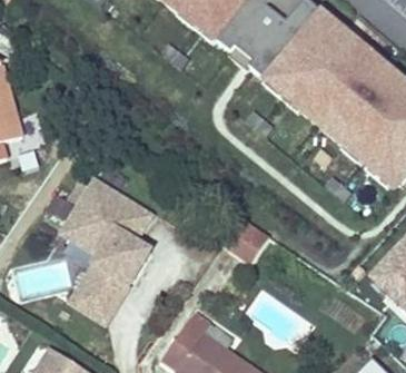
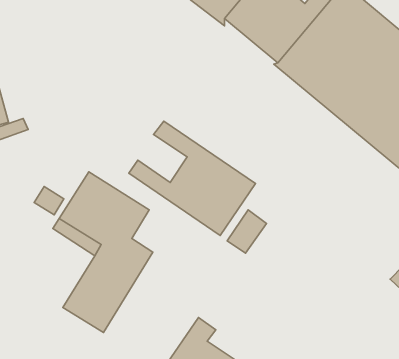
building: none -> [129,121,255,235]

